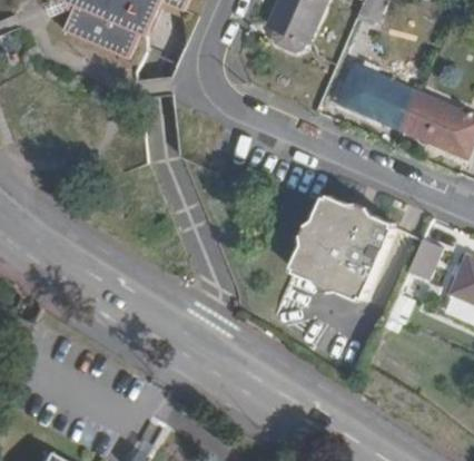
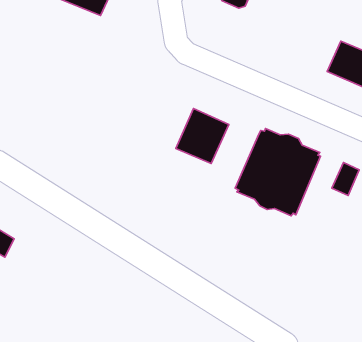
building: [339,62,418,128] -> none
building: none -> [176,109,229,163]

